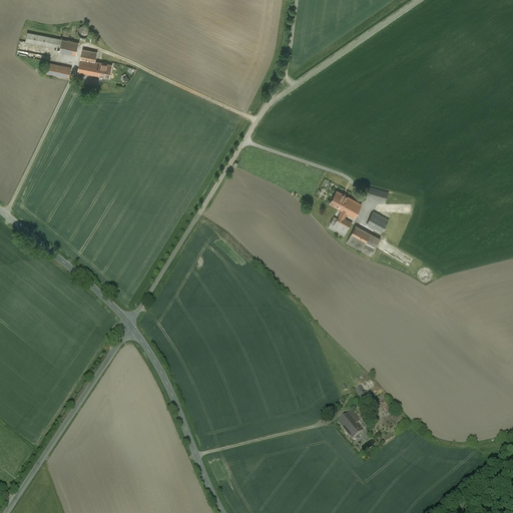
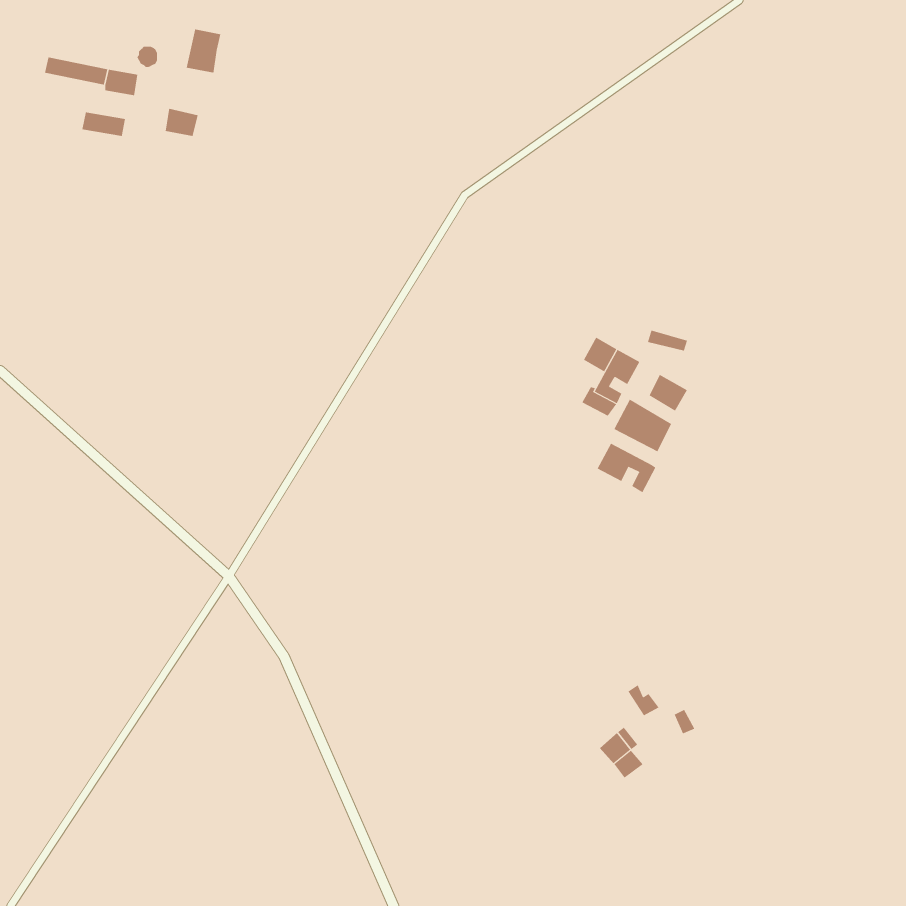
building: [77,49,97,74] -> [186,29,221,73]
building: none -> [597,443,656,493]

